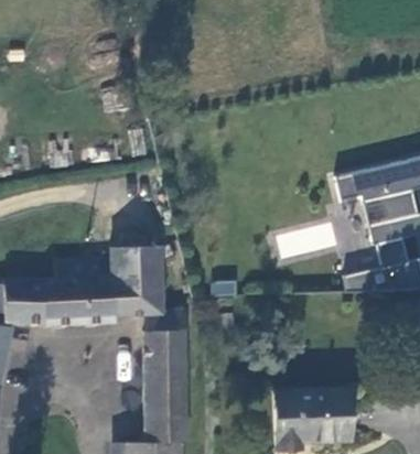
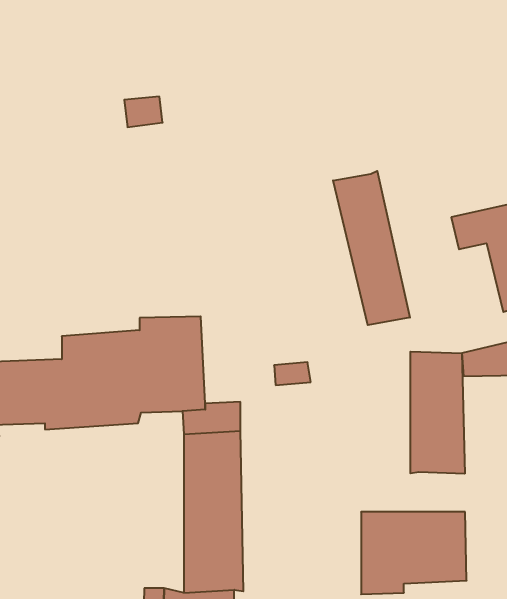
building: none -> [333,171,410,325]
building: none -> [410,352,465,474]

